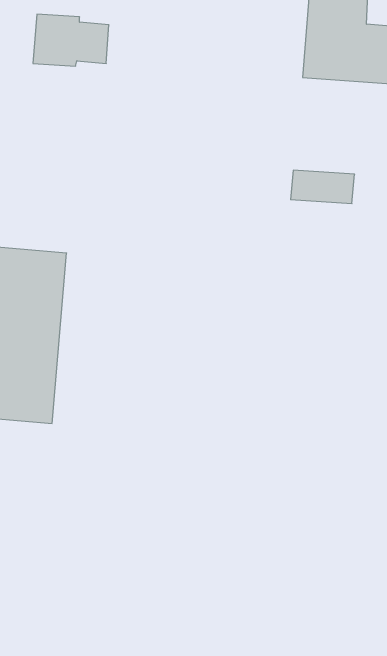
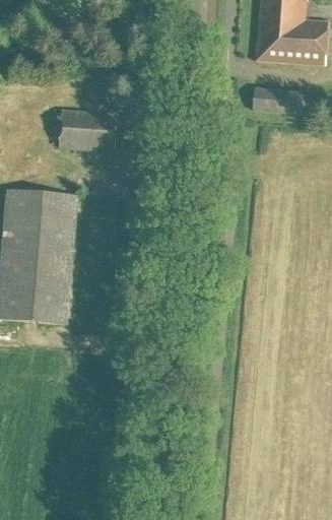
building: [33,14,109,66] -> [59,110,117,149]
building: [291,170,355,204] -> [254,87,303,113]

